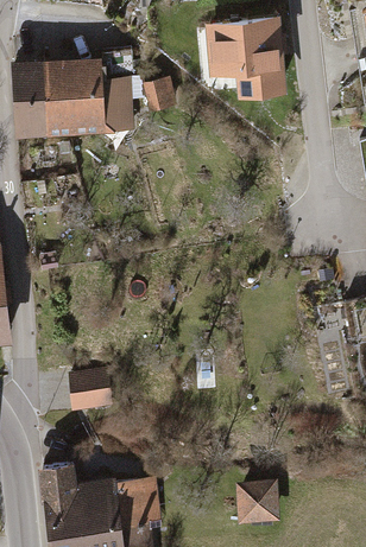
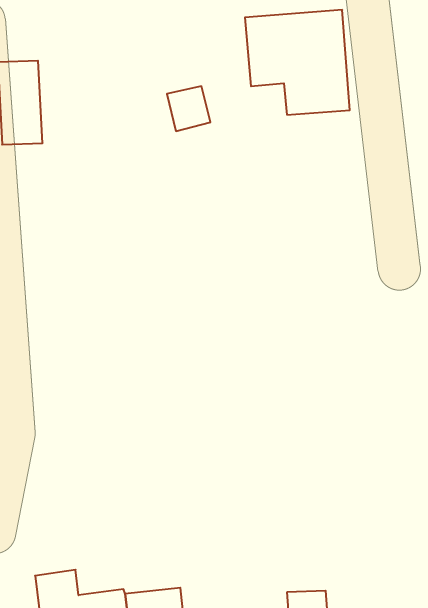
building: [43,58,133,126] -> none
building: [70,367,108,401] -> none

